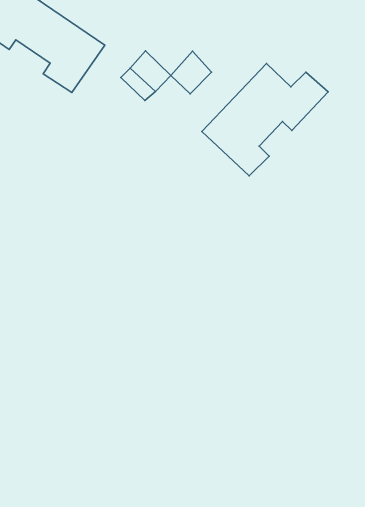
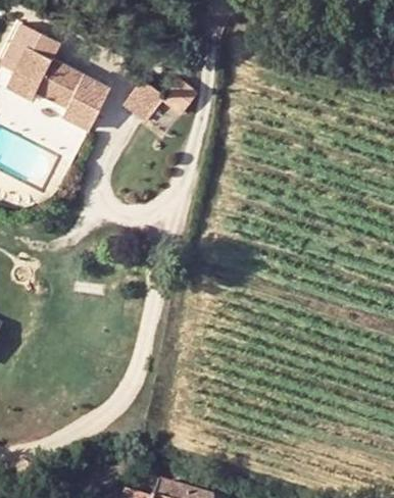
building: [202,63,328,176] -> none

